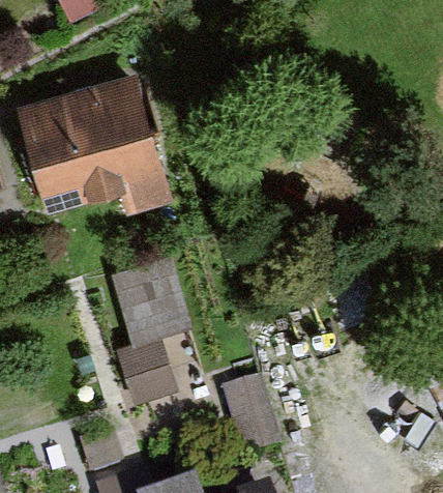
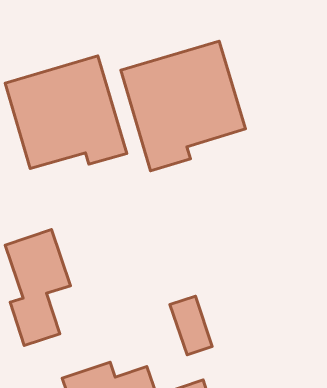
building: none -> [121,41,245,171]
building: [110,260,191,405] -> [5,229,71,345]

